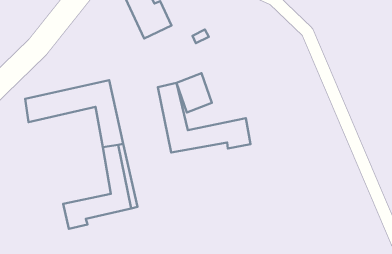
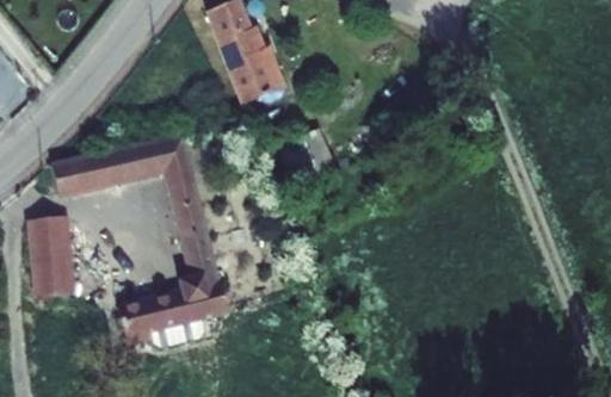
building: none -> [234,49,297,105]
building: [158,83,250,152] -> none
building: none -> [26,212,75,302]

